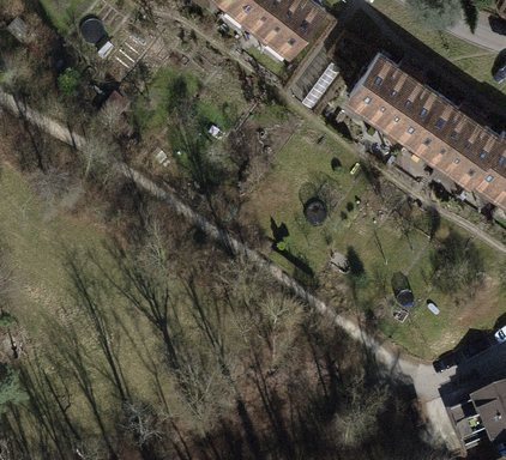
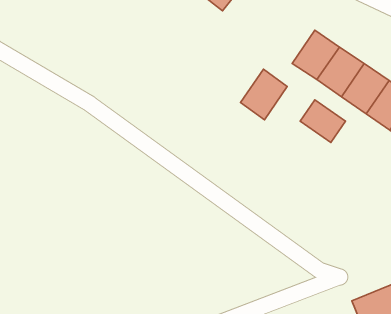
building: [345,52,404,115] -> [241,69,287,120]
building: none -> [300,100,346,143]

